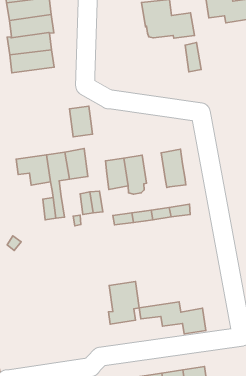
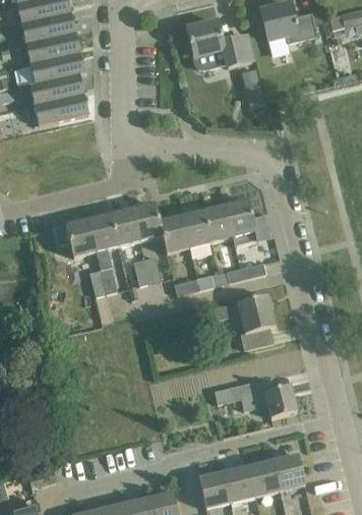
building: [70,106,92,137] -> [133,203,163,240]
building: none -> [202,205,233,242]
building: [109,282,139,324] -> [237,295,275,348]

